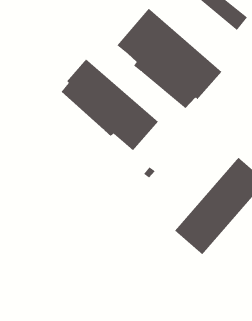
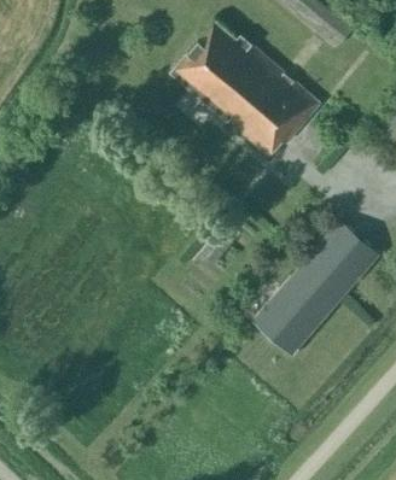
building: [61,58,159,151] -> none

